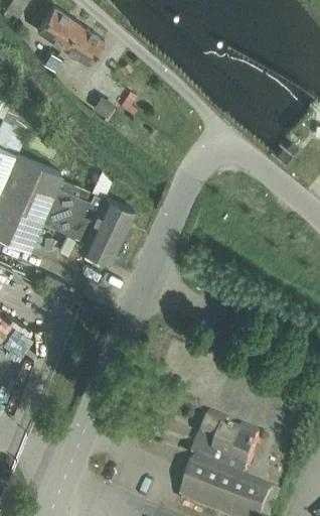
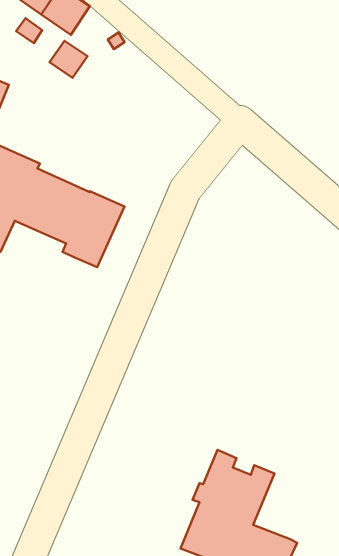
building: none -> [50,41,87,78]

